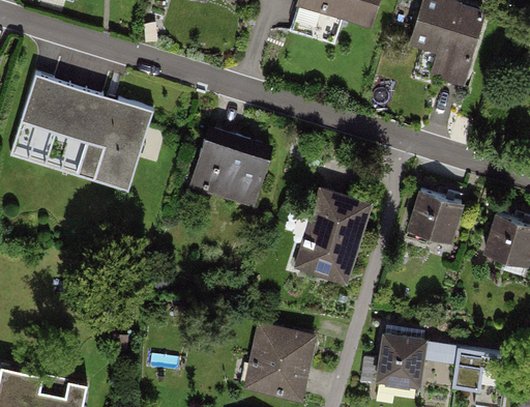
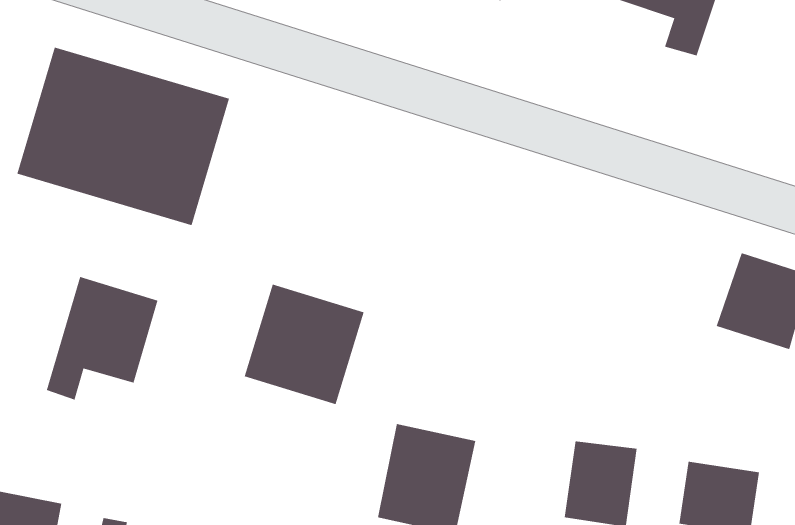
building: [192,127,271,207] -> [244,284,365,405]
building: [301,188,372,280] -> none
building: [407,191,466,246] -> none
building: none -> [46,276,158,401]

